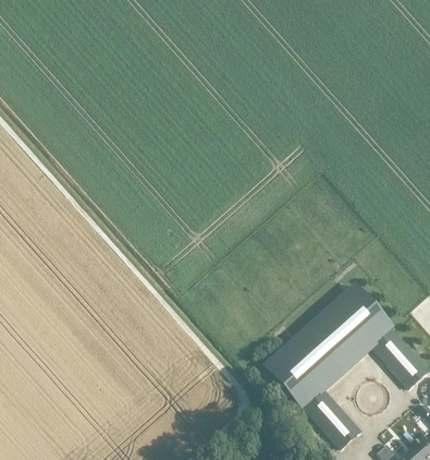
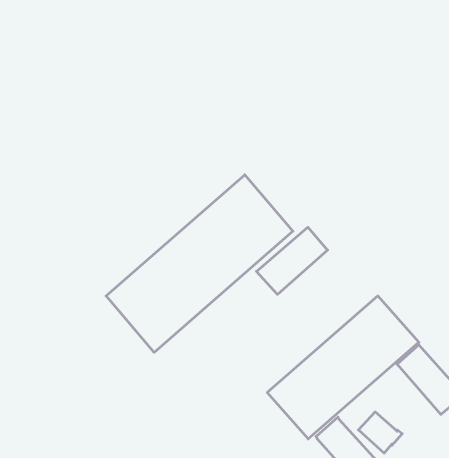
building: none -> [106,175,293,352]
building: none -> [256,227,328,294]

